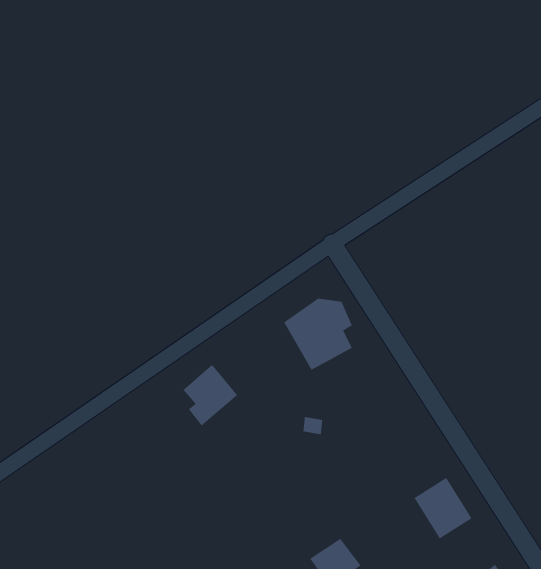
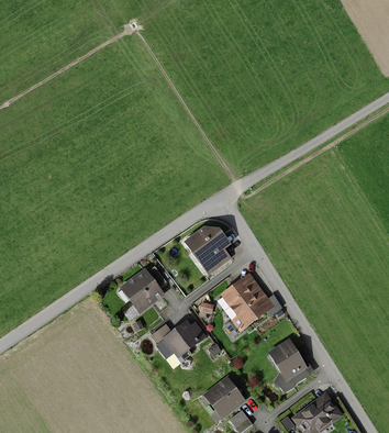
building: none -> [223,276,270,327]
building: none -> [158,321,202,357]

